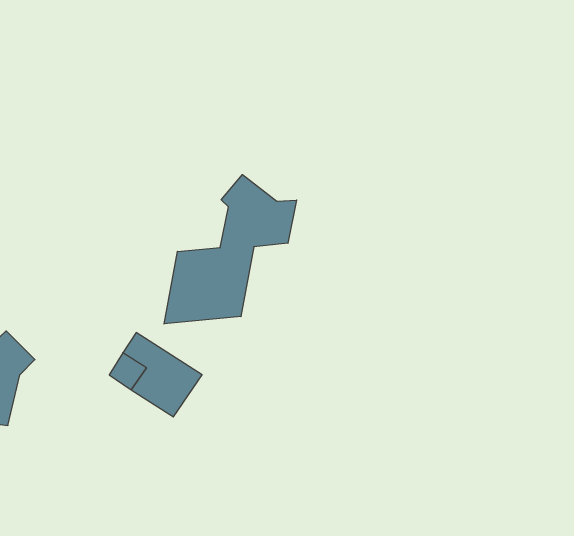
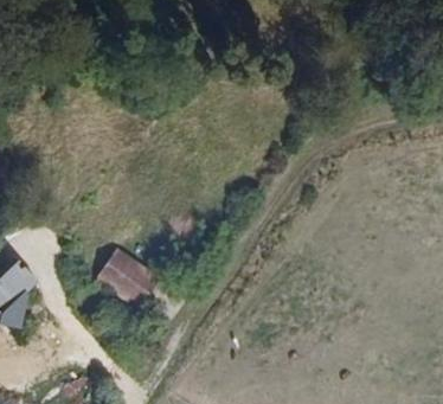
building: [164,175,297,324] -> none

